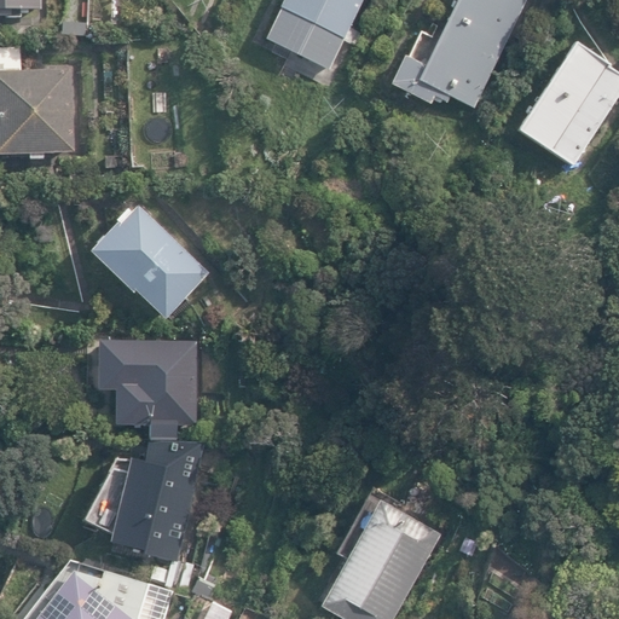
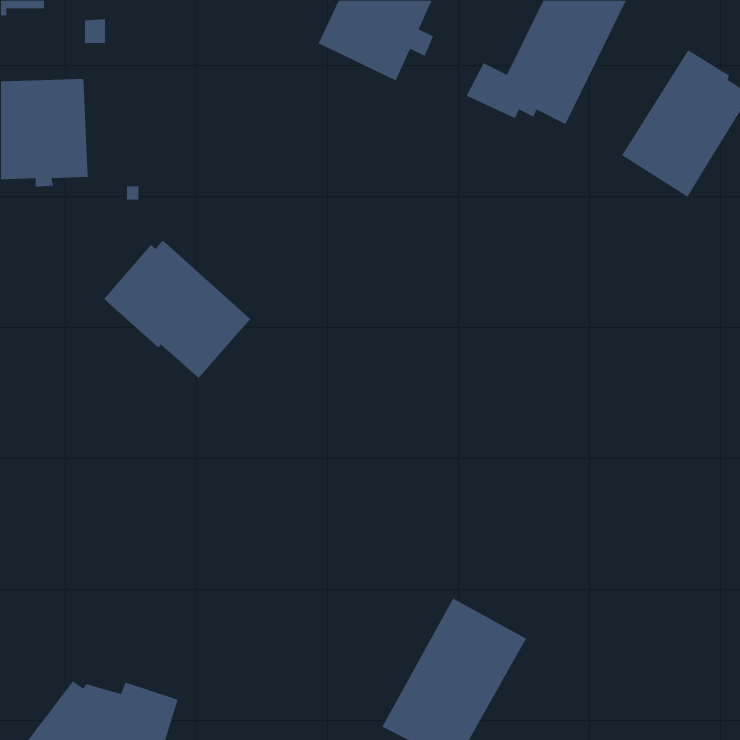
building: [97,336,197,436] -> none
building: [104,453,202,562] -> none

